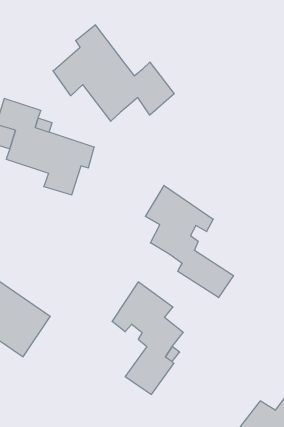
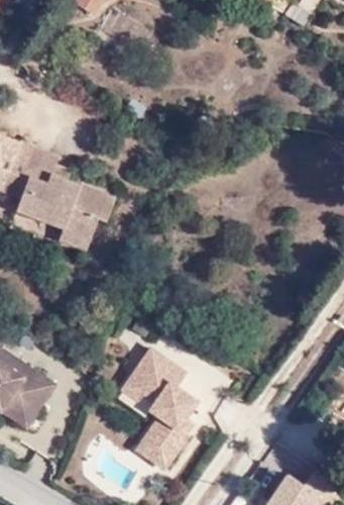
building: [53,25,174,121] -> none
building: [145,185,233,298] -> none

